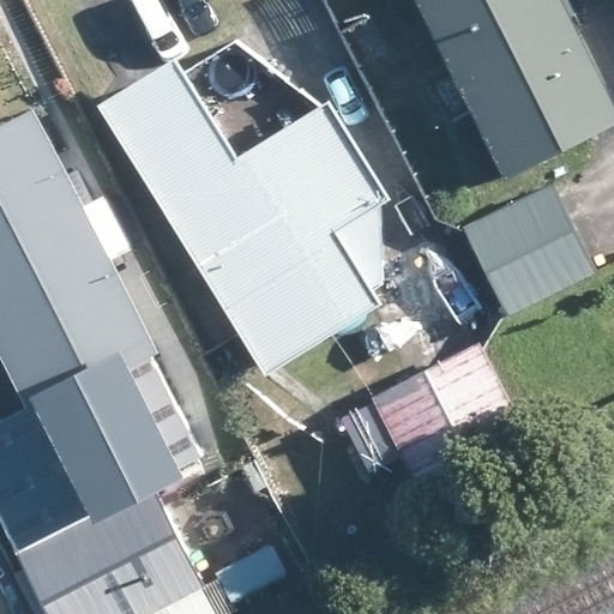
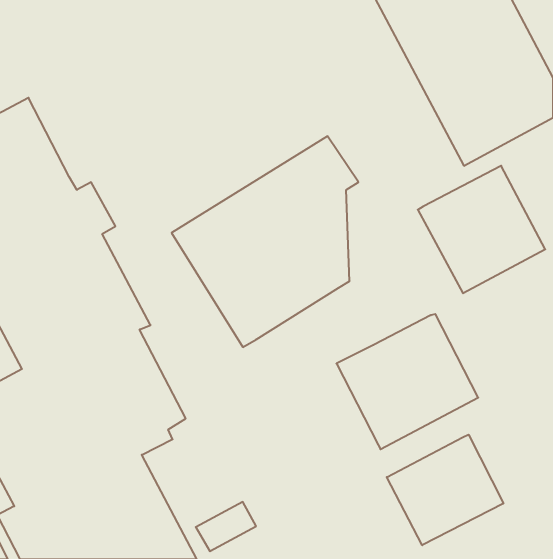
building: [96,60,357,254] -> none
building: none -> [387,435,503,545]

